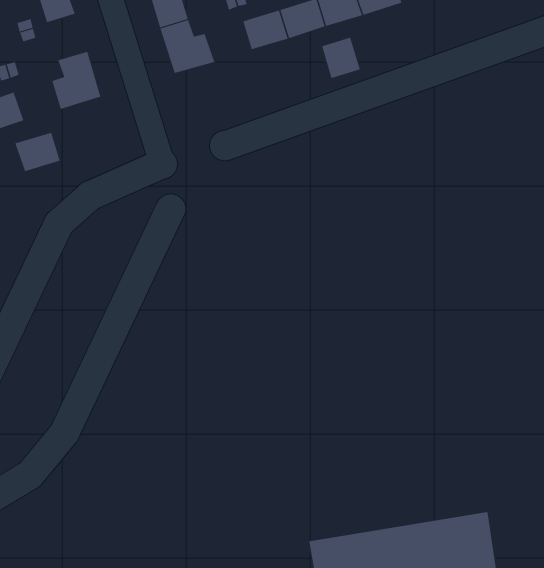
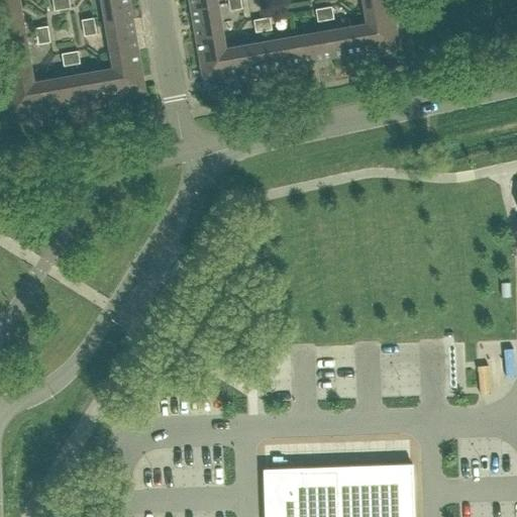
building: none -> [106,19,136,55]
building: none -> [233,42,269,73]
building: [321,37,360,79] -> none
building: [15,132,61,172] -> [73,71,108,100]

